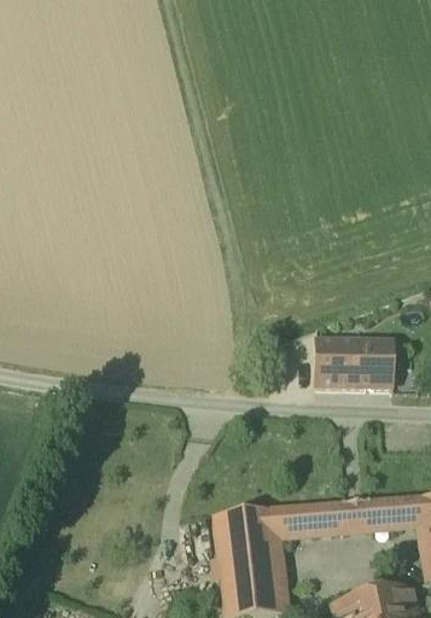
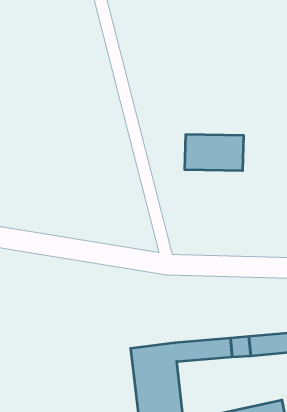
building: [315,340,392,387] -> [185,135,244,171]

